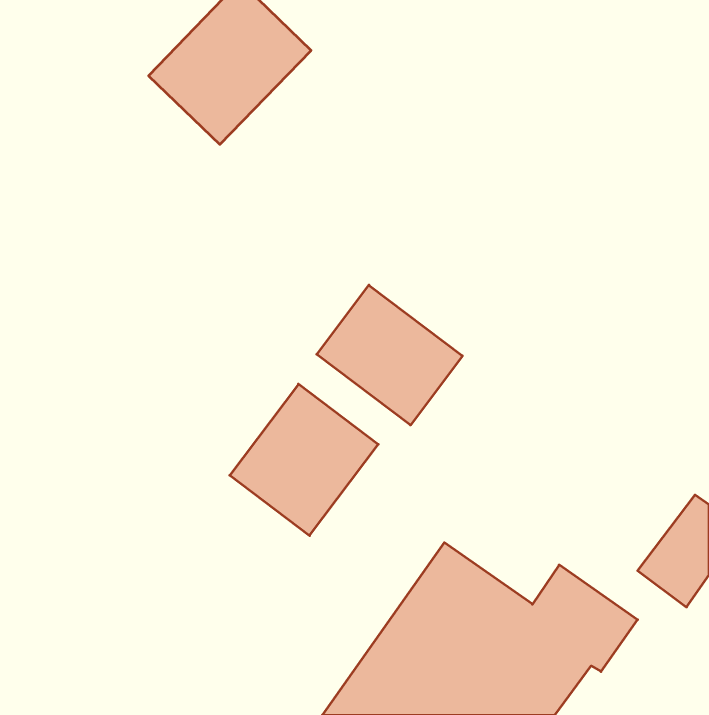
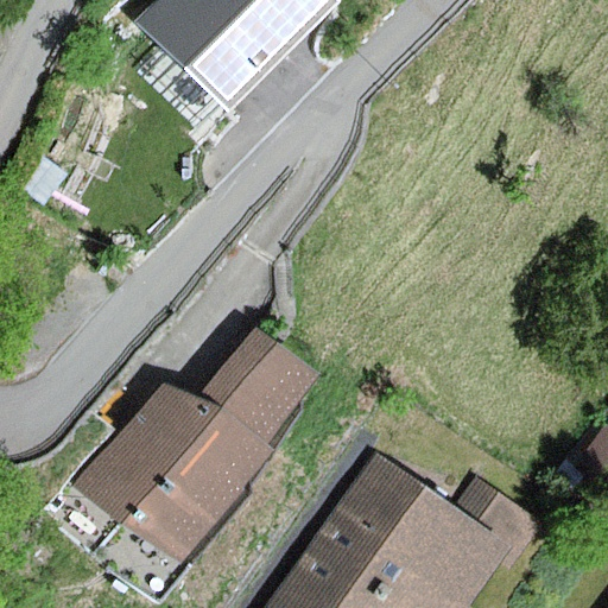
building: [317,285,462,425] -> none
building: none -> [76,375,262,563]

